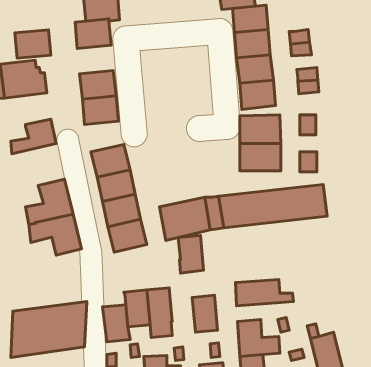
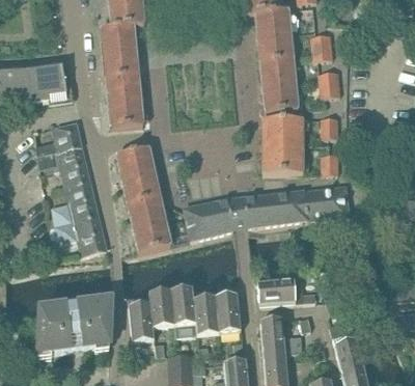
building: [15,30,51,58] -> [103,49,138,77]
building: none -> [38,145,90,187]
building: [178,235,204,273] -> [194,297,219,334]

